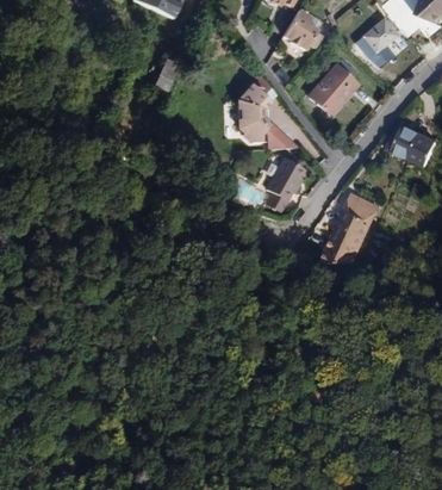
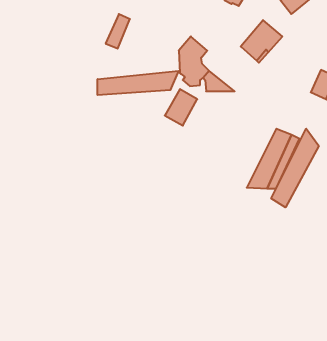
building: none -> [98,71,179,95]
building: [267,159,305,201] -> [165,89,197,126]
building: none -> [271,129,319,207]

